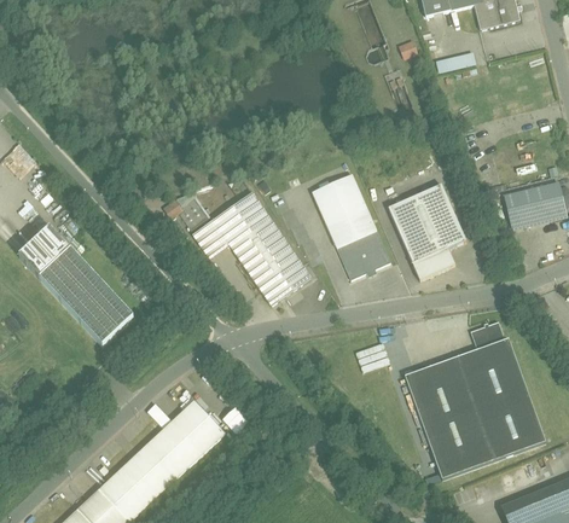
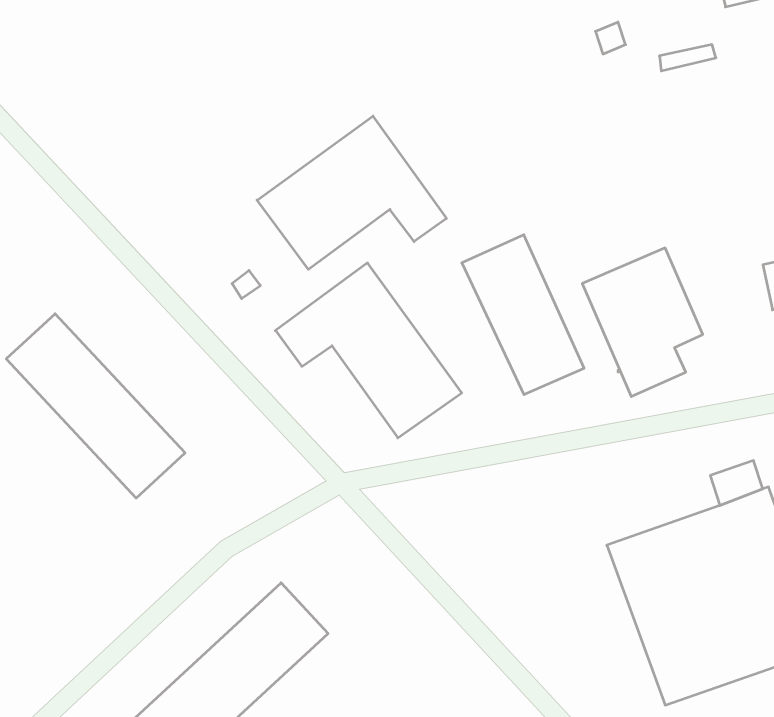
building: none -> [257,116,446,269]

